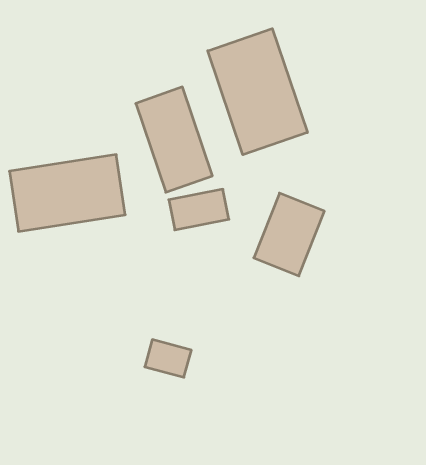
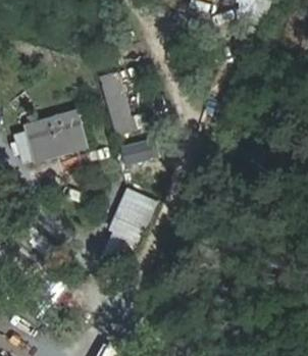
building: [208,29,307,155] -> none
building: [254,193,324,276] -> [107,188,155,244]

